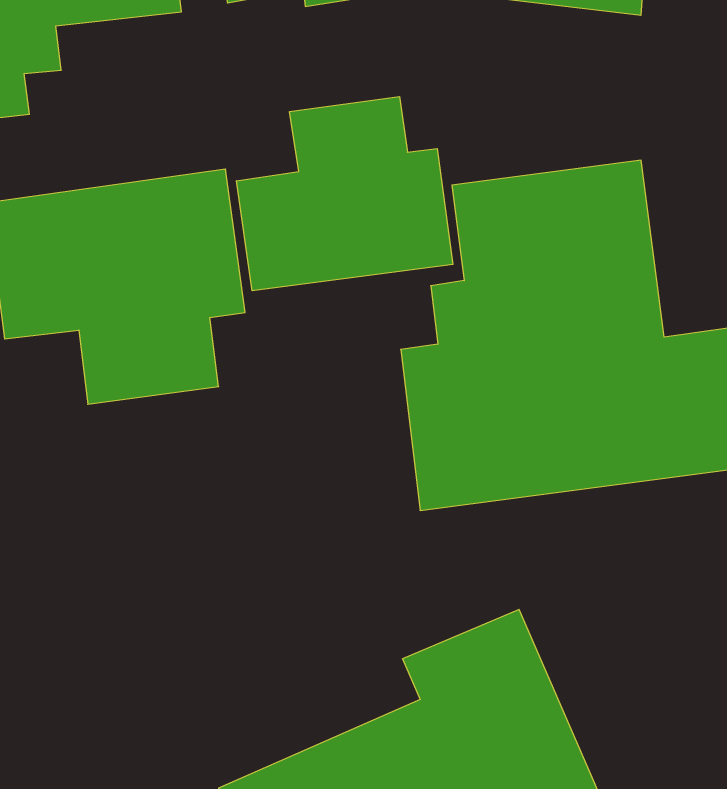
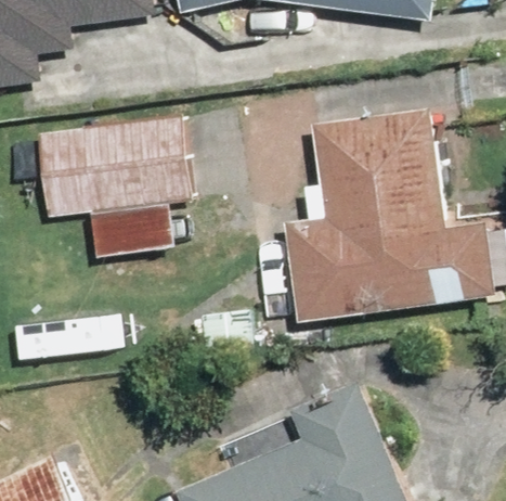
building: [237,97,453,291] -> none

